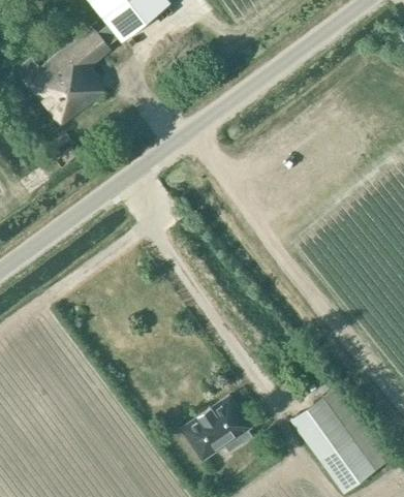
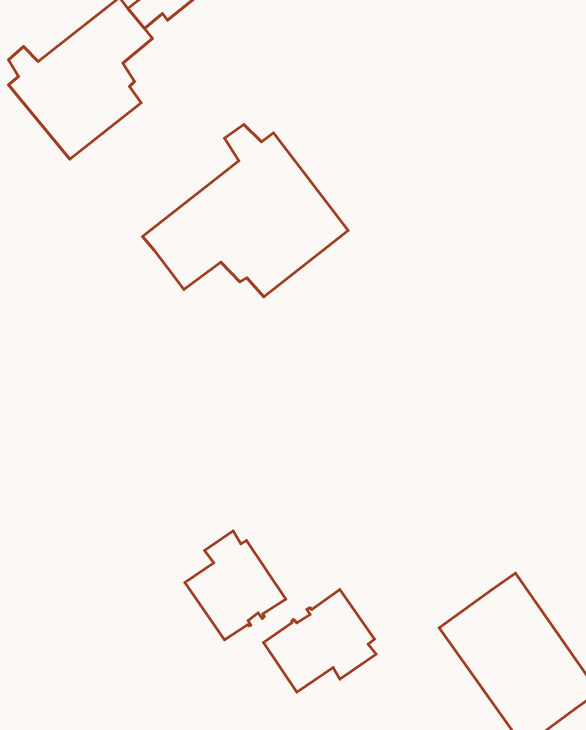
building: none -> [142,125,348,297]
building: none -> [185,531,286,640]

